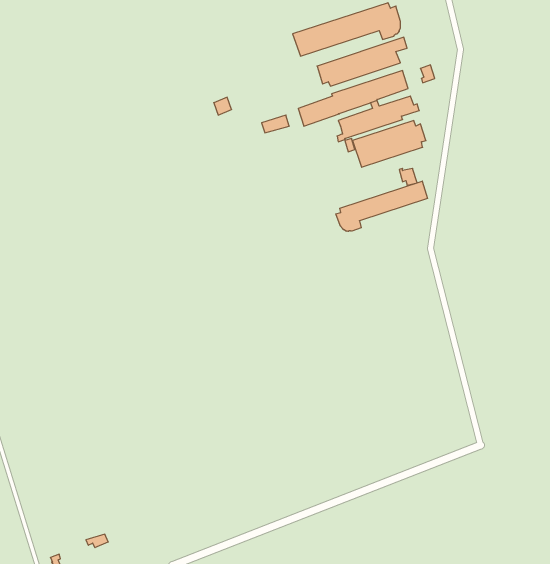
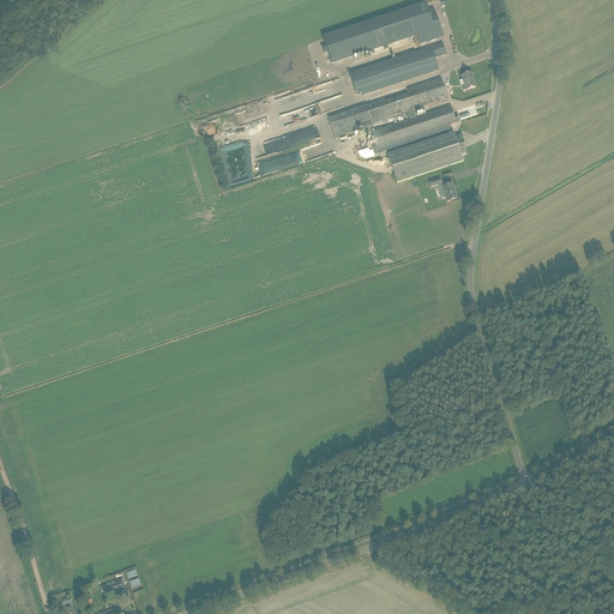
building: [336,181,427,231] -> none

